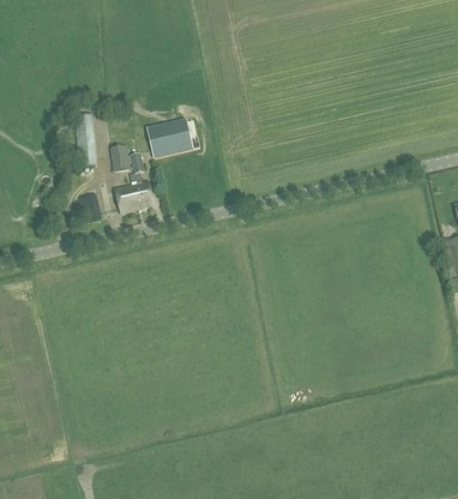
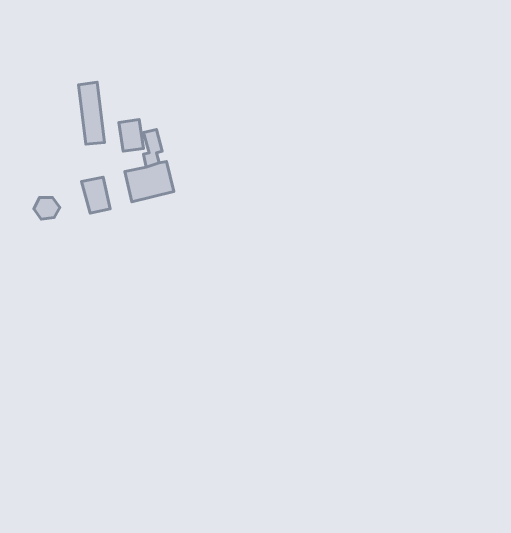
building: [146,119,192,157] -> none

